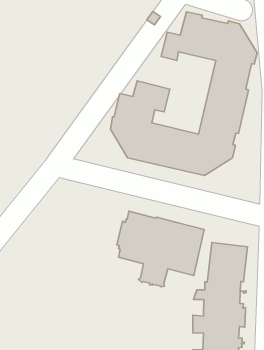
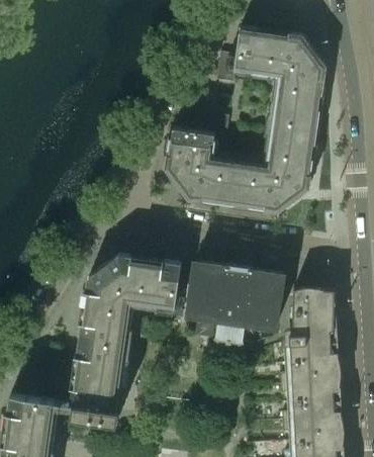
building: none -> [70,254,182,423]

